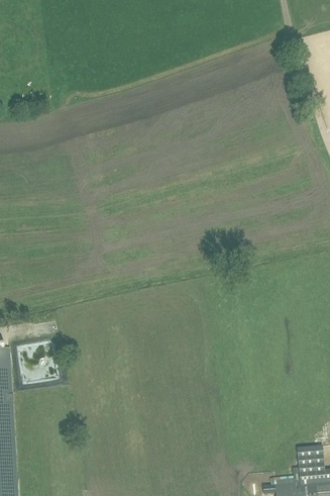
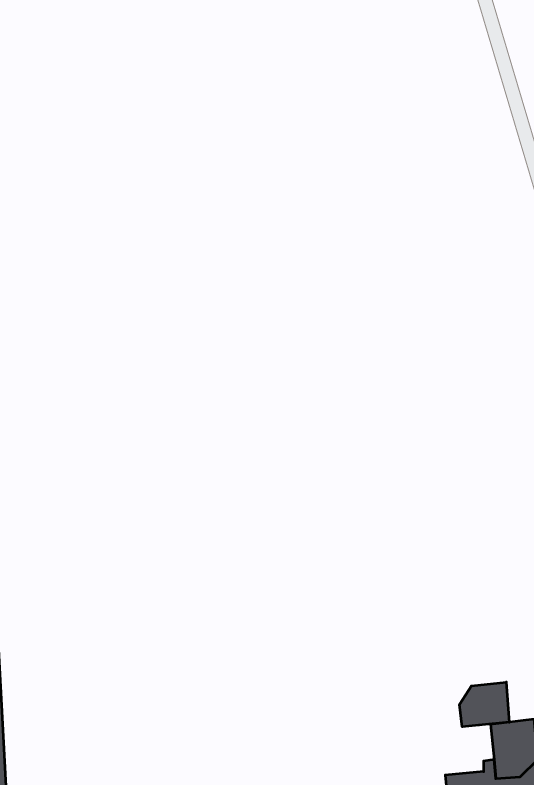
building: none -> [460,682,509,727]

